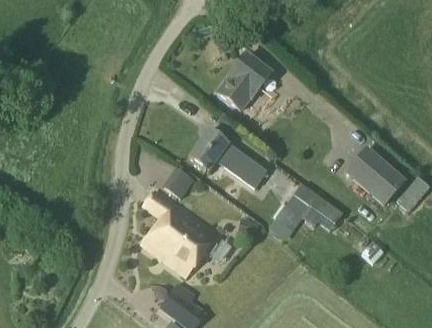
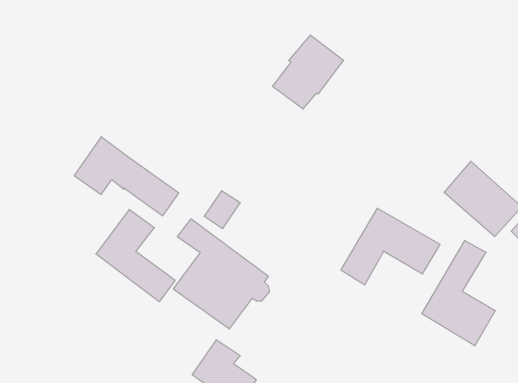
building: [188,128,266,187] -> [74,137,179,216]
building: none -> [96,209,175,302]
building: none -> [422,240,495,346]

